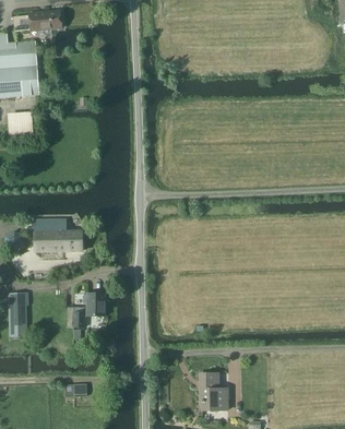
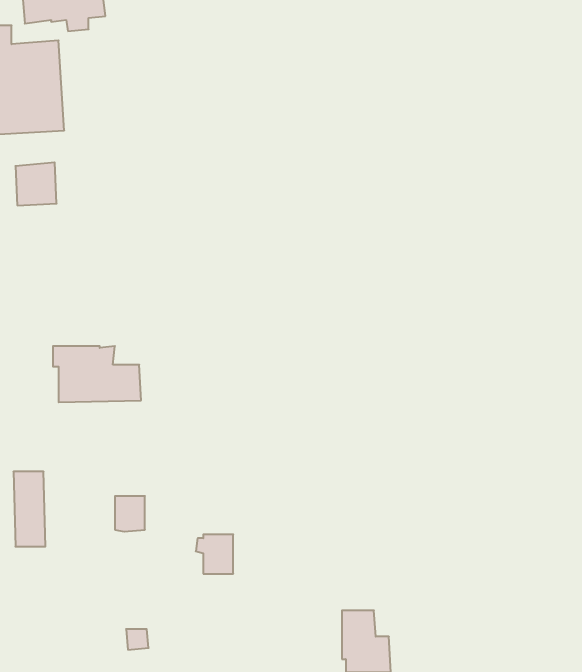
building: [83,293,105,315] -> [196,534,233,574]

